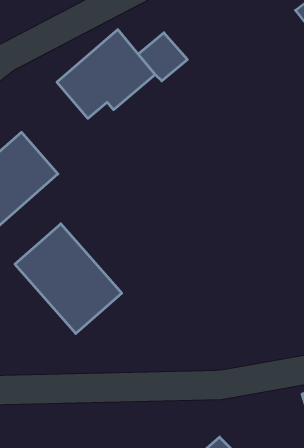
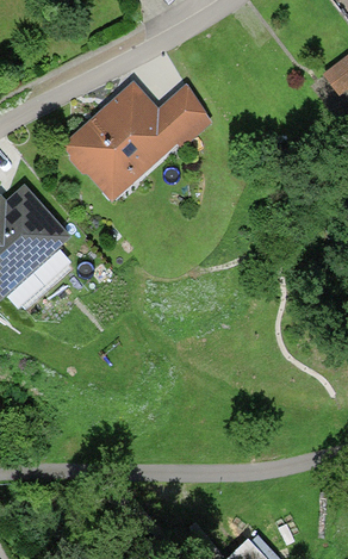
building: [15,224,122,334] -> none

